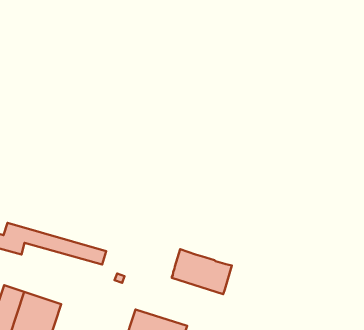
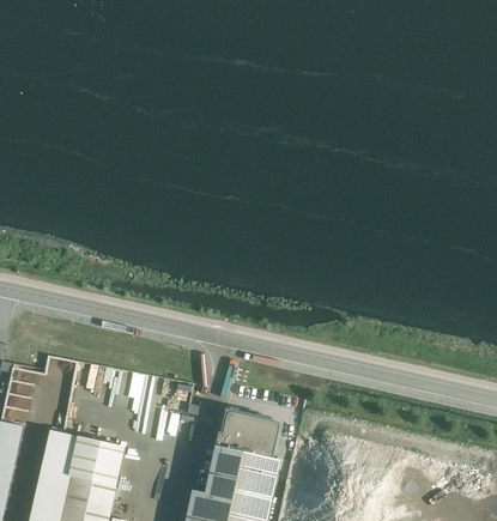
building: [172,249,232,294] -> [214,411,286,461]

